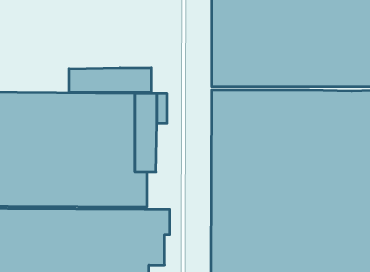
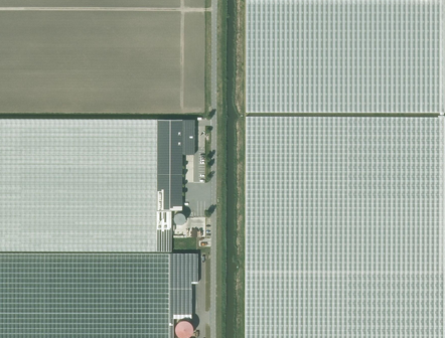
building: [69,68,151,93] -> none

